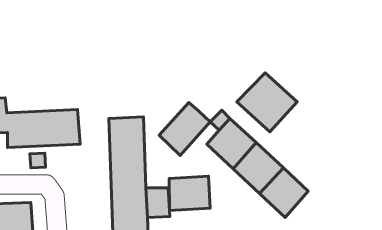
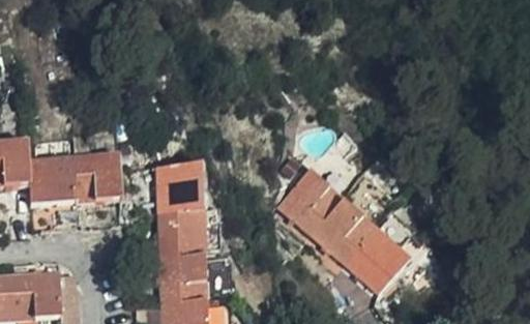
building: [237,73,297,132] -> none
building: [159,102,210,156] -> none
building: [169,176,210,210] -> none

